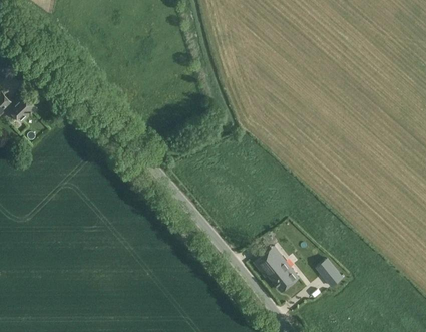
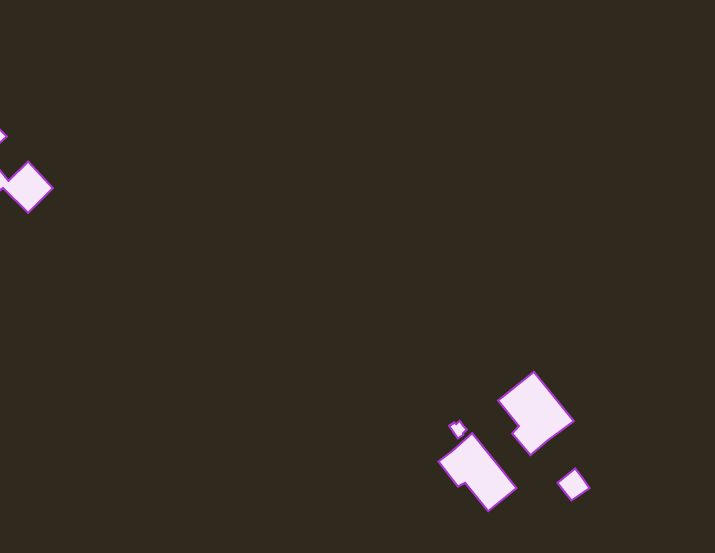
building: none -> [498,372,574,455]

